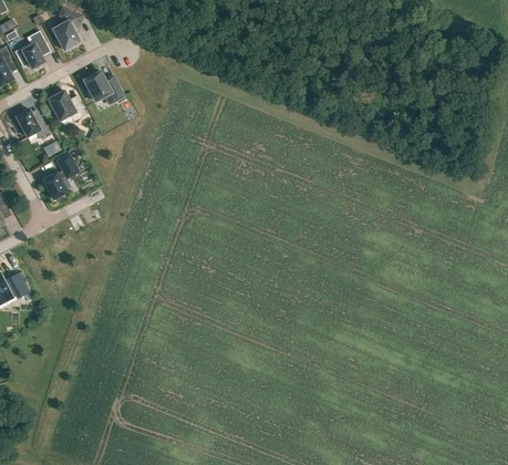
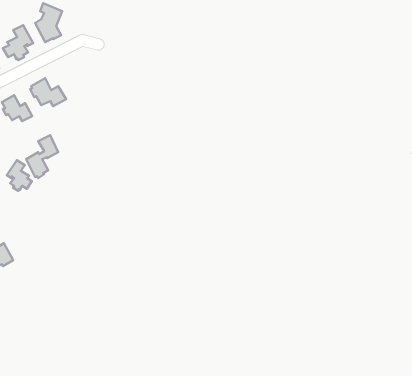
building: [84,71,124,104] -> none
building: none -> [7,160,32,191]

